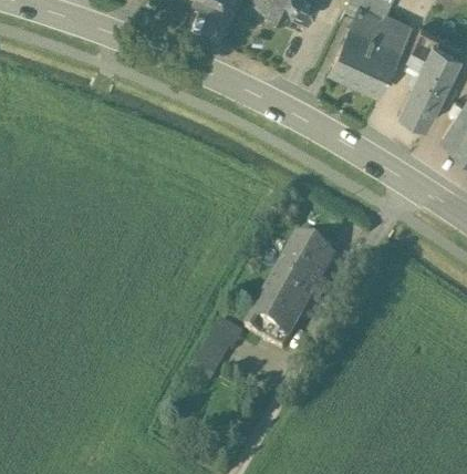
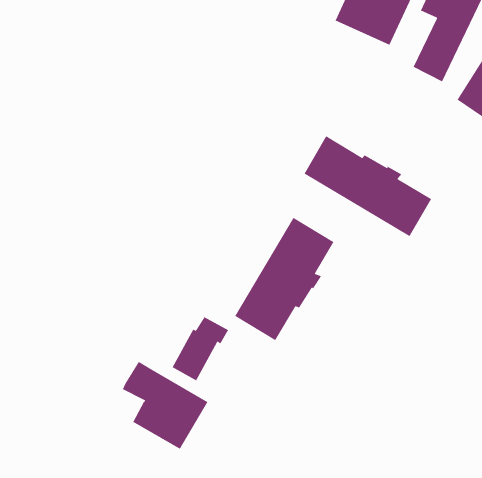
building: none -> [303,135,432,237]
building: none -> [122,361,208,450]

